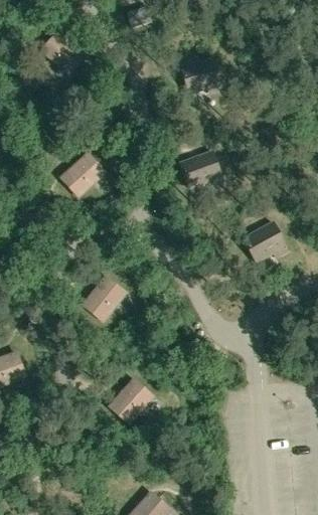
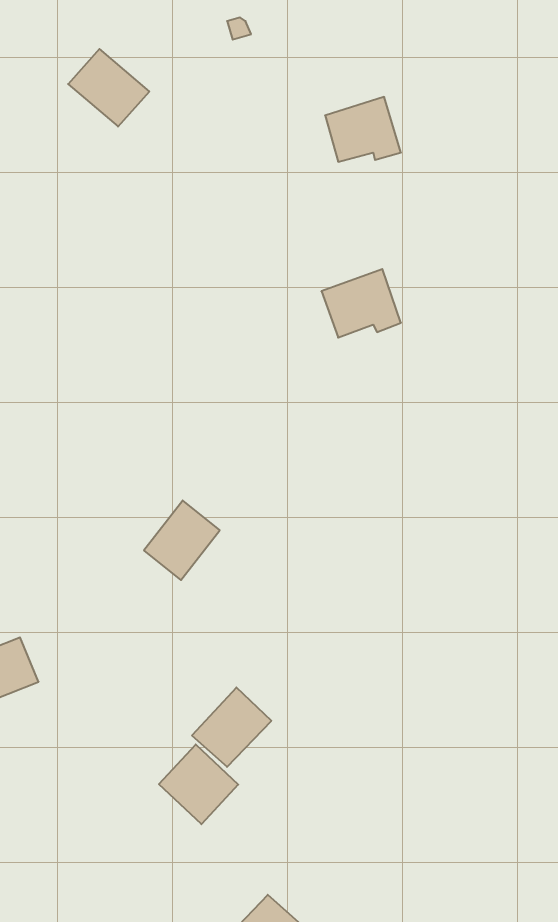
building: [61,153,105,195] -> none
building: [243,222,288,262] -> none
building: none -> [159,744,238,824]

